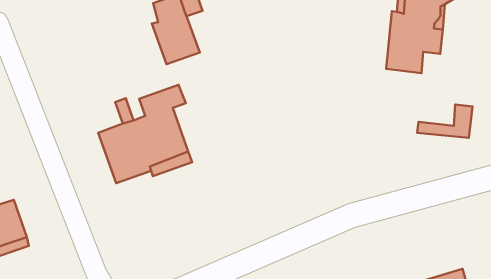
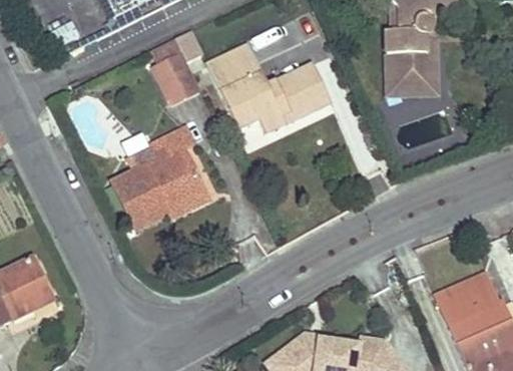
building: none -> [208,43,332,132]
building: [417,105,472,138] -> [386,63,437,95]

